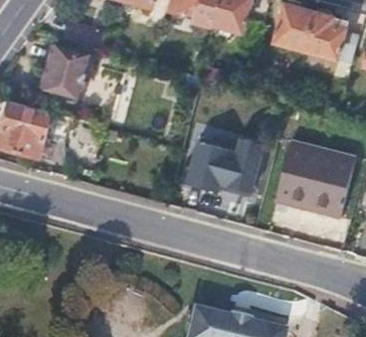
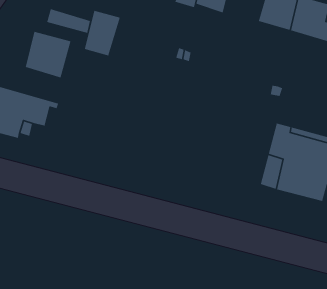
building: none -> [84,10,121,57]
building: [184,141,261,192] -> none

